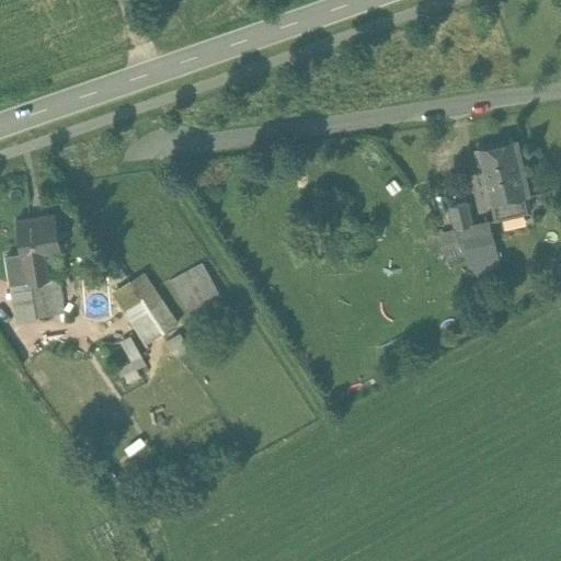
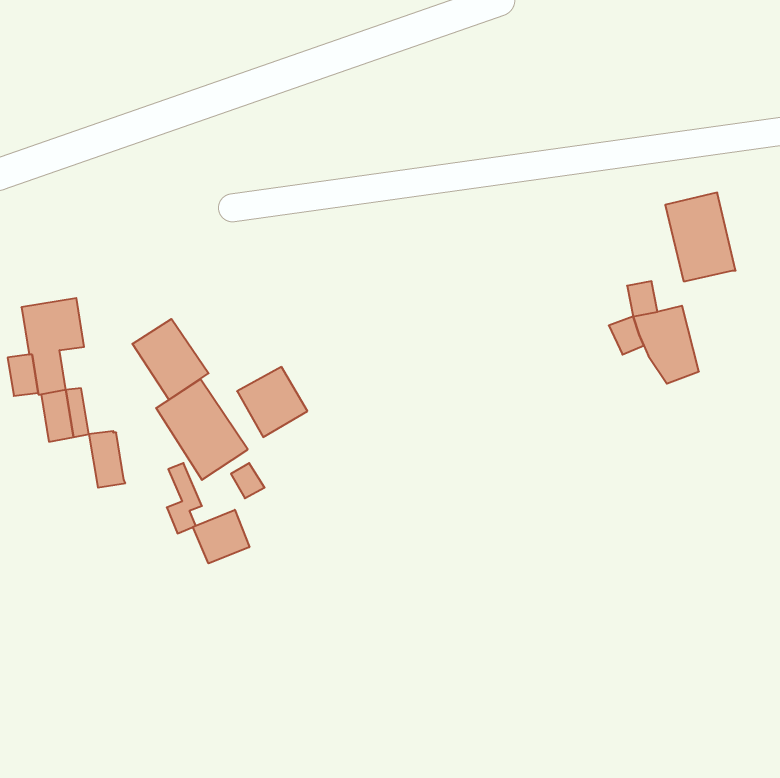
building: [491,196,529,220] -> none
building: none -> [132,319,209,400]
building: [10,284,36,324] -> [89,431,125,488]
building: none -> [193,510,249,563]

